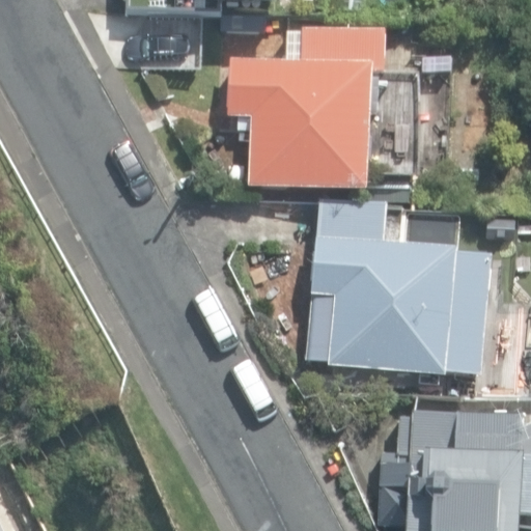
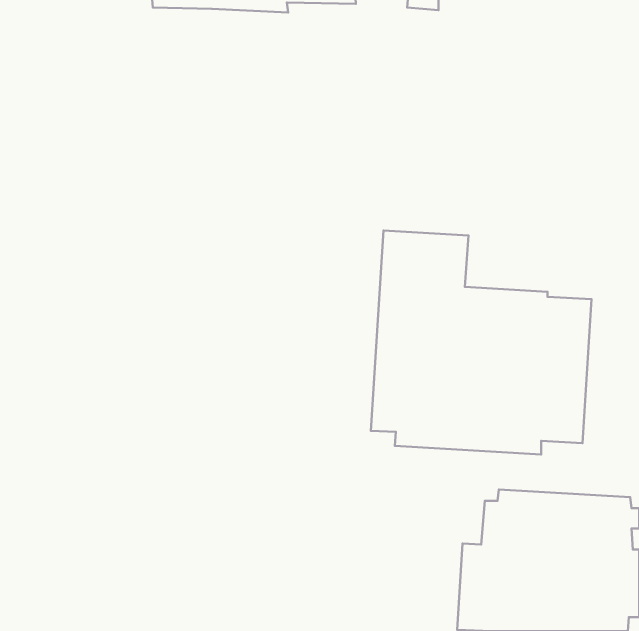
building: [229,28,386,191] -> none

